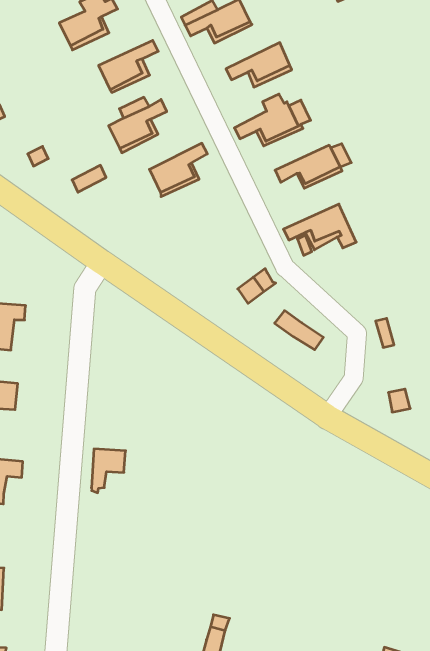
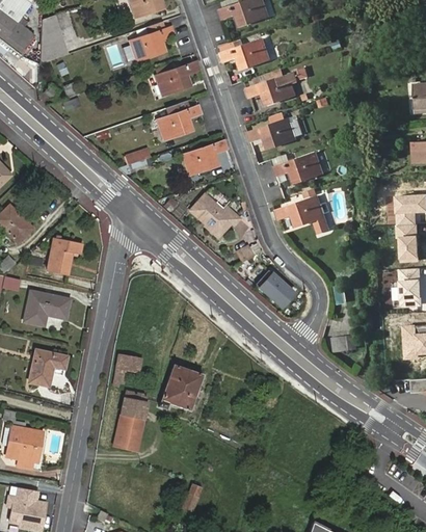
building: none -> [190,191,240,234]
building: none -> [159,365,203,410]
building: none -> [113,391,148,450]

